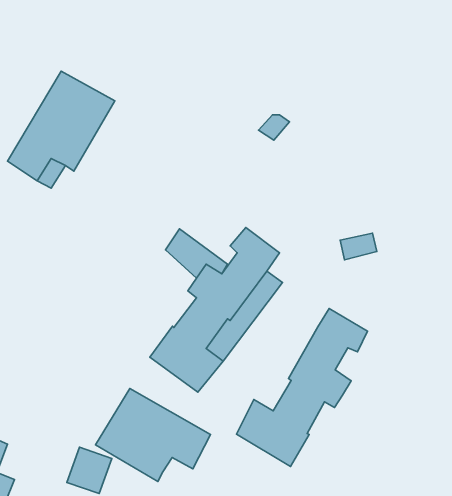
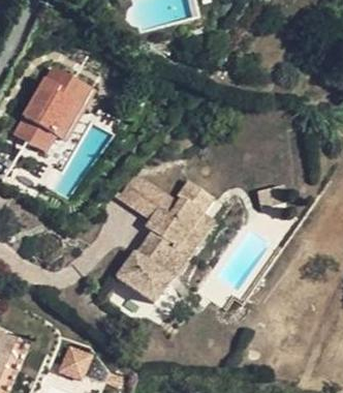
building: [237,308,368,466] -> none
building: [96,388,210,481] -> none

